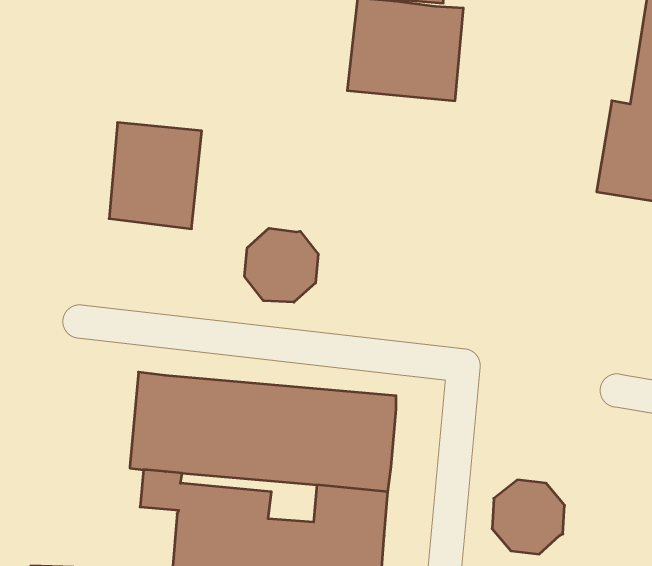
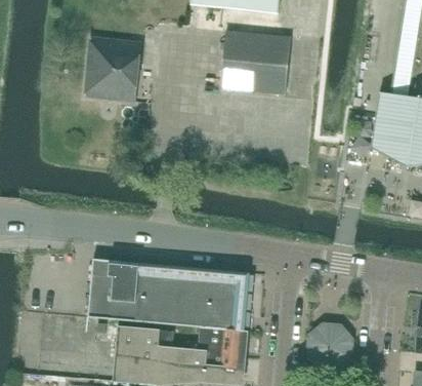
building: [109,123,202,229] -> [86,37,142,102]
building: [245,228,318,302] -> none

